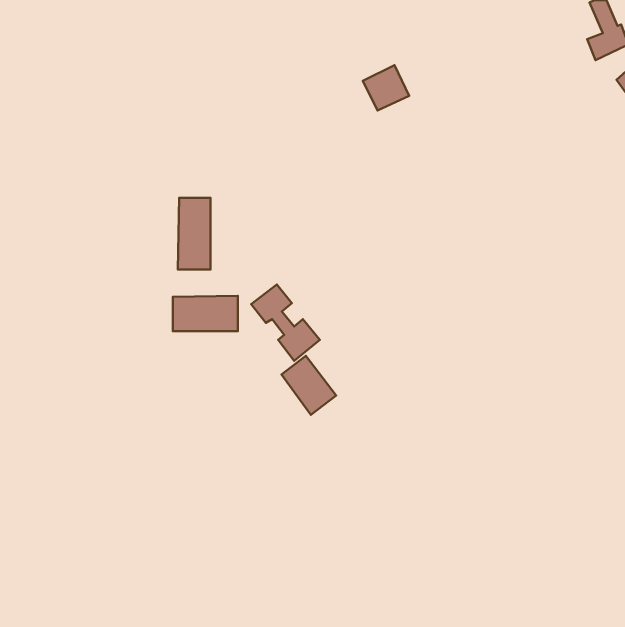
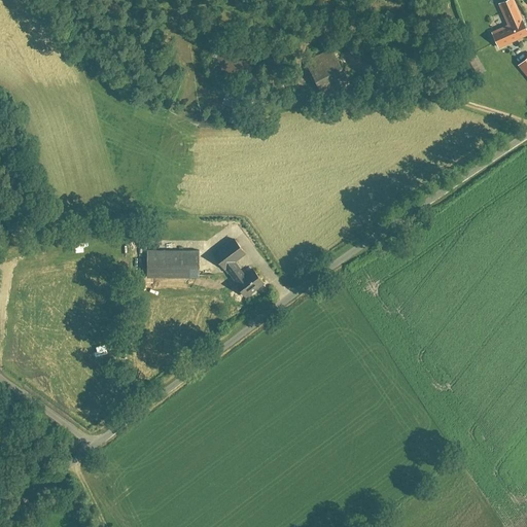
building: [178,198,210,269] -> none
building: [281,356,336,415] -> none

